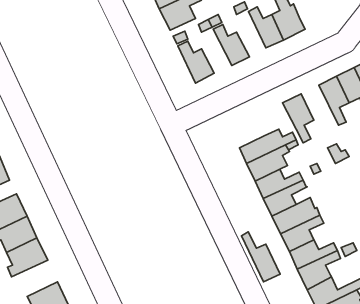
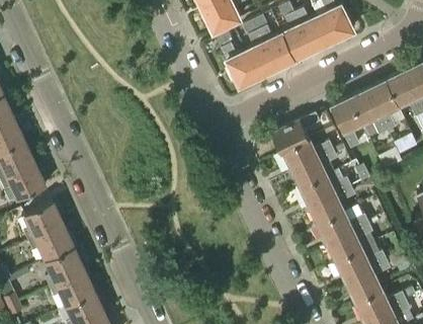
building: none -> [281,13,312,60]
building: none -> [245,31,276,77]
building: none -> [348,89,387,135]
building: none -> [270,113,325,156]
building: [242,232,280,282] -> none
building: none -> [49,270,96,308]

